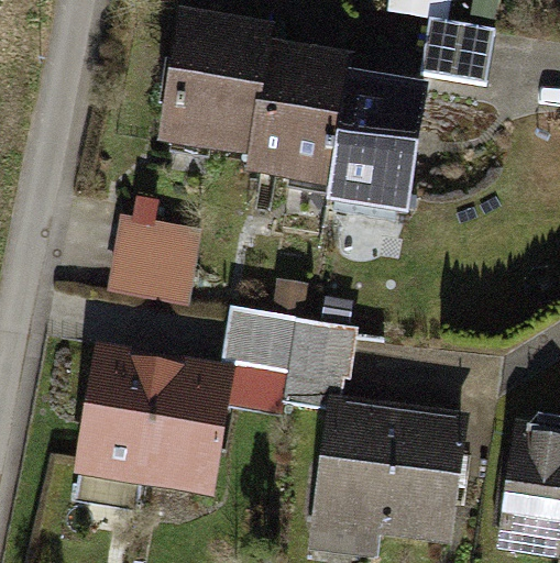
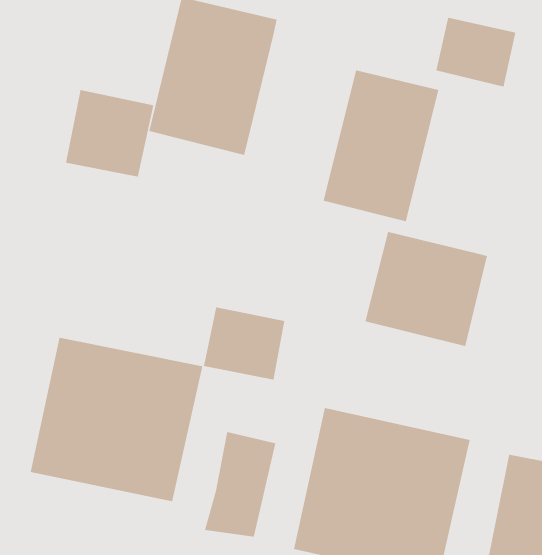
building: [246,49,349,188] -> none
building: [118,218,197,296] -> [65,89,154,177]
building: none -> [365,231,488,347]
building: [283,316,344,412] -> [204,431,276,537]

